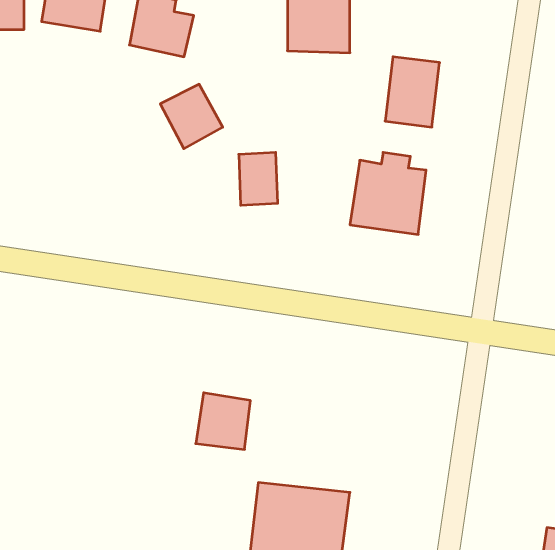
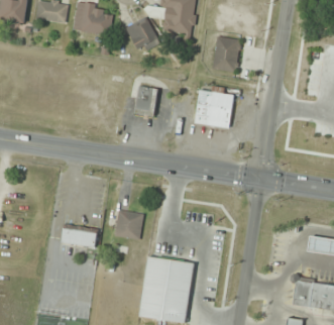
building: [160,84,223,149] -> [125,17,157,50]
building: none -> [61,228,97,246]

